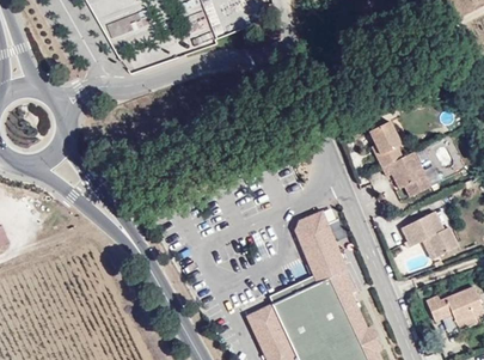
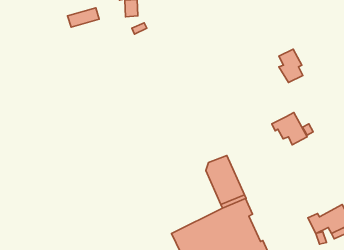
building: [370,124,403,170] -> [279,49,303,83]
building: [403,209,460,256] -> none

